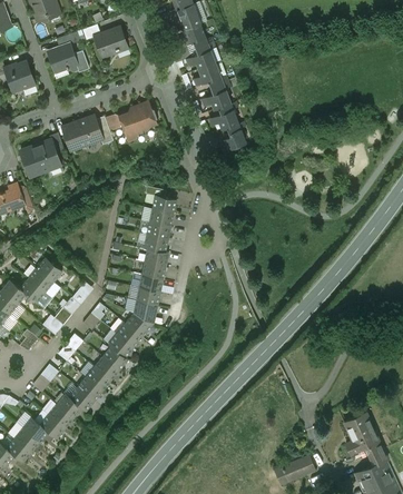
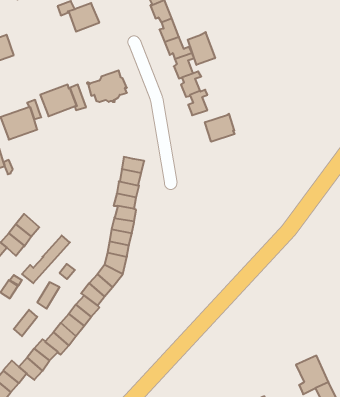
building: [49,32,79,72] -> none
building: none -> [188,32,215,65]
building: none -> [205,114,235,142]

